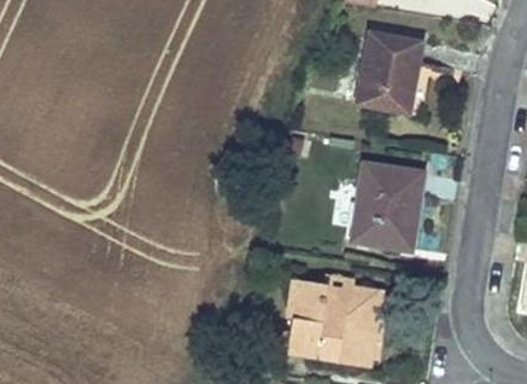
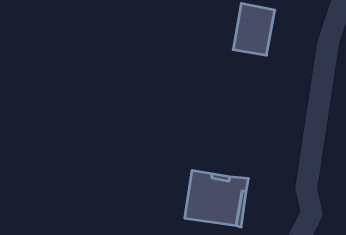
building: [353,165,427,248] -> none

